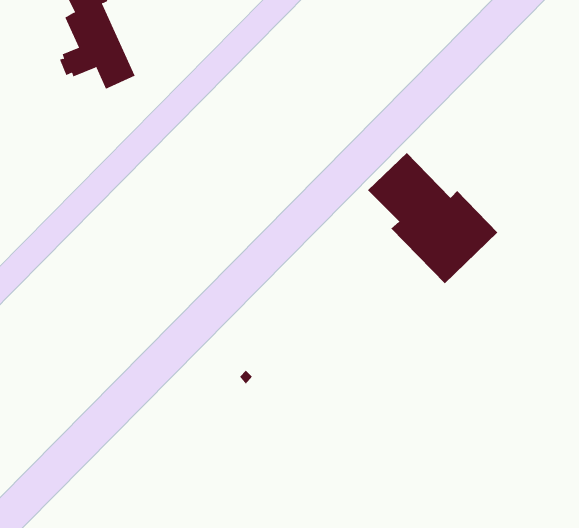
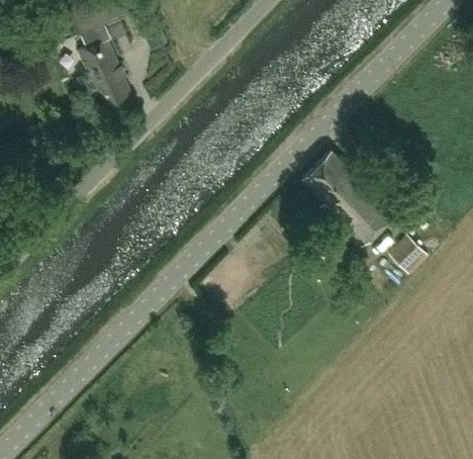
building: none -> [389,236,427,273]

